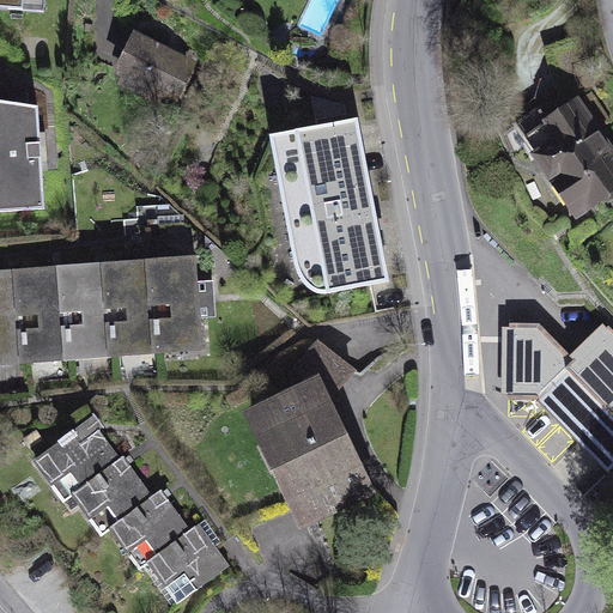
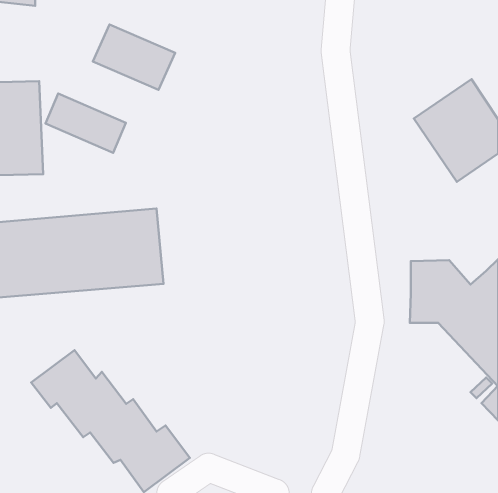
building: [268,111,387,289] -> none
building: none -> [46,94,126,153]
building: [237,339,371,527] -> none

